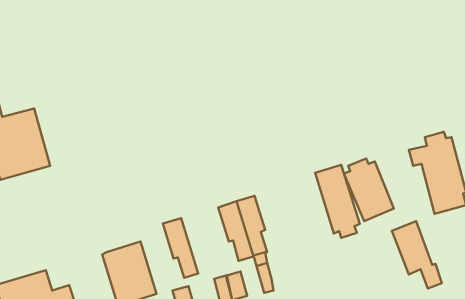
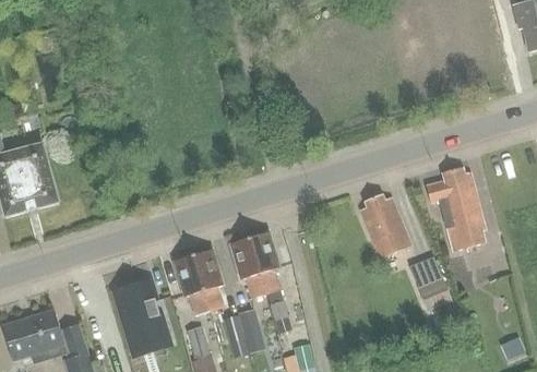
building: [315,165,360,238] -> none
building: none -> [192,250,224,312]

